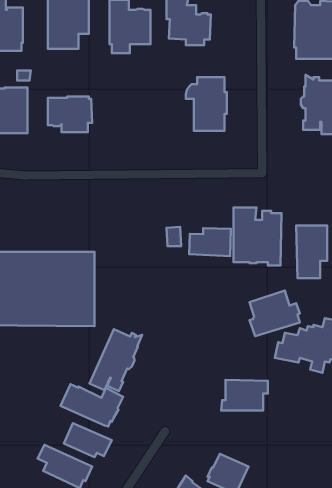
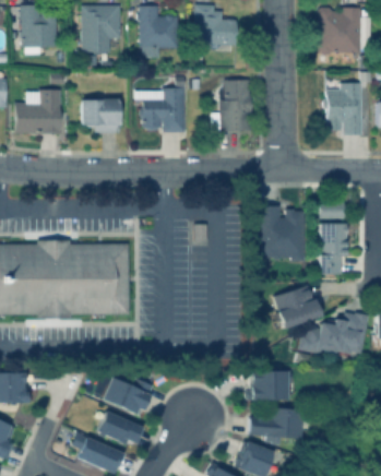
building: none -> [142,88,186,133]
building: none -> [320,200,346,218]
building: [189,228,231,256] -> none
building: [89,329,142,391] -> none
building: none -> [250,407,305,445]

